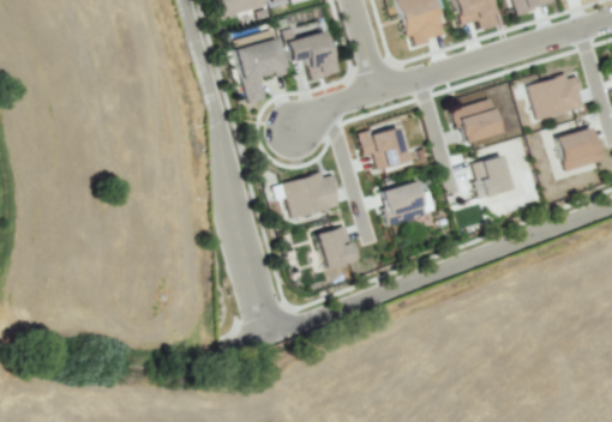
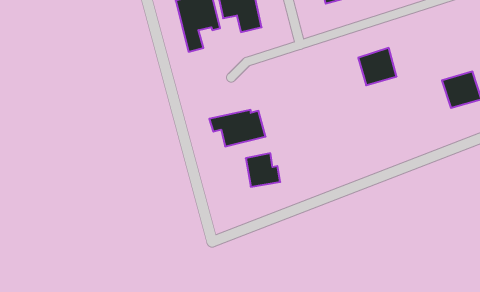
building: [529,76,587,120] -> none
building: [359,127,408,169] -> none
building: [472,156,512,198] -> none
building: [380,181,438,224] -> none

